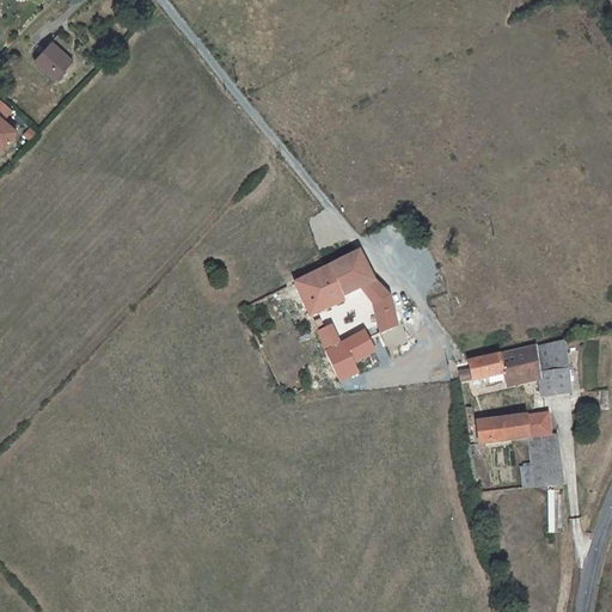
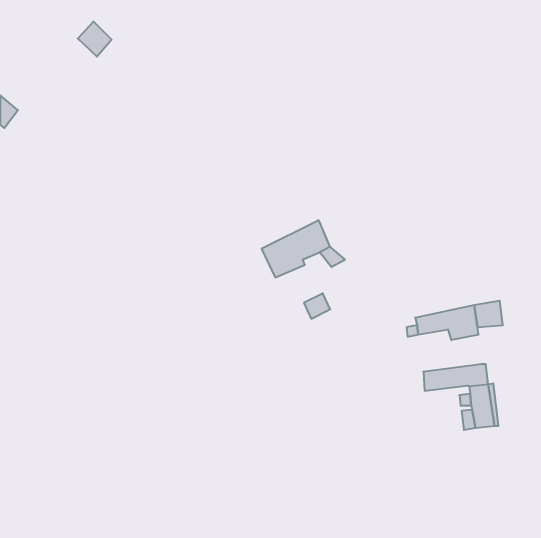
building: [35,38,73,78] -> [78,22,112,57]
building: [374,293,397,330] -> none
building: [318,323,356,378] -> none
building: [539,367,570,394] -> none

